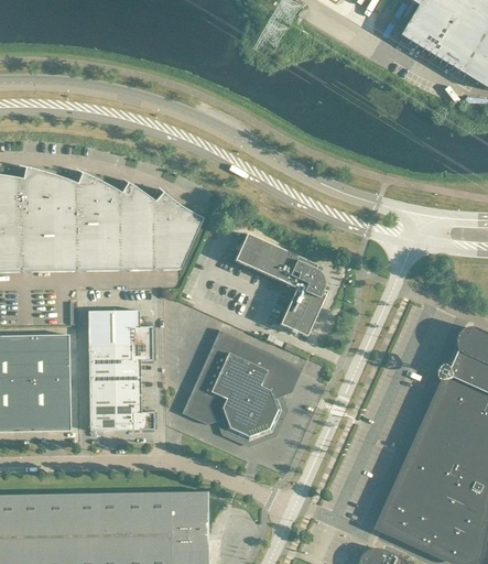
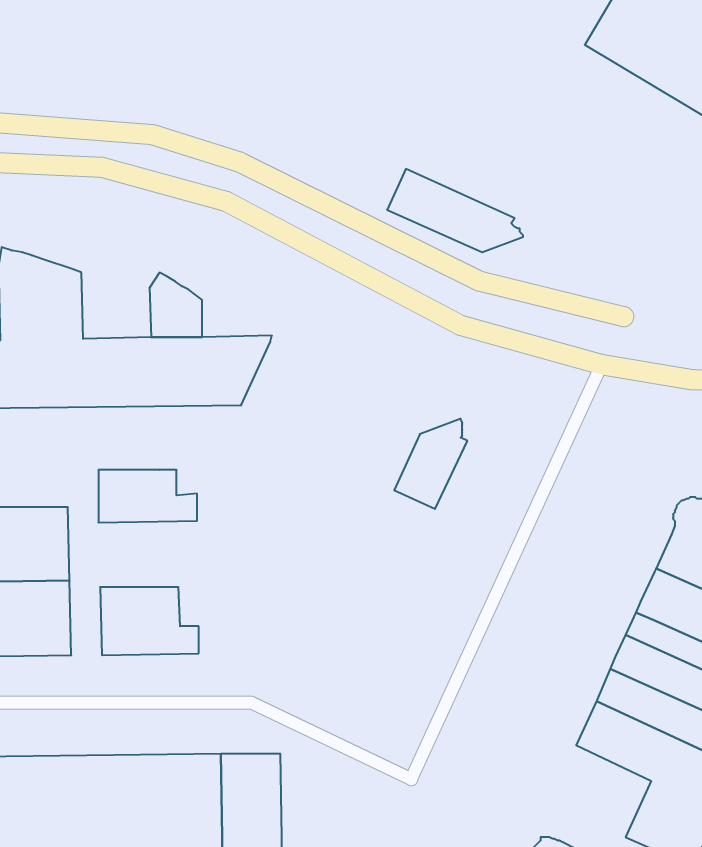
building: [76,172,121,226] -> none
building: [154,192,203,225] -> none
building: [234,234,322,288] -> [387,169,523,252]
building: [181,329,302,442] -> none
building: [87,344,151,387] -> none
building: [380,489,445,549] -> none

